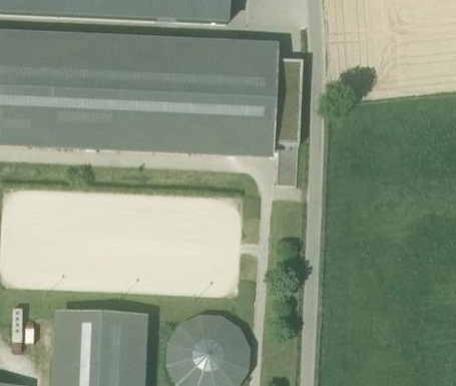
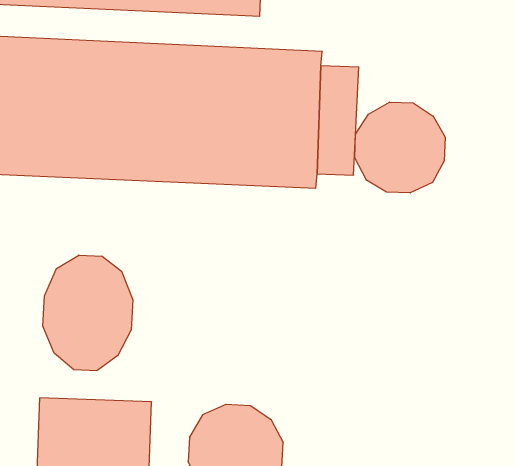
building: none -> [355,102,445,193]
building: none -> [43,255,133,371]

